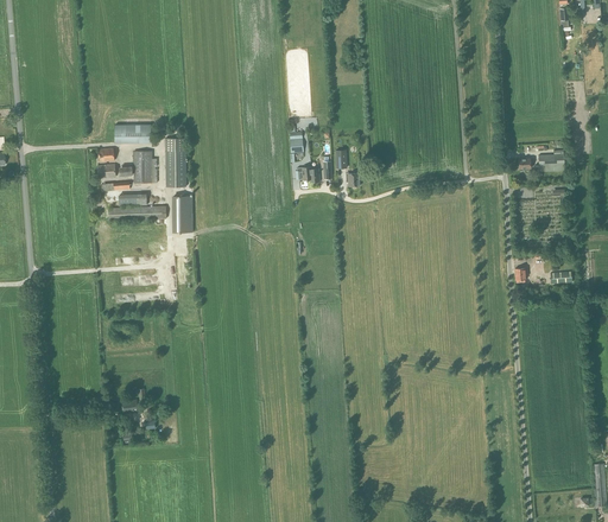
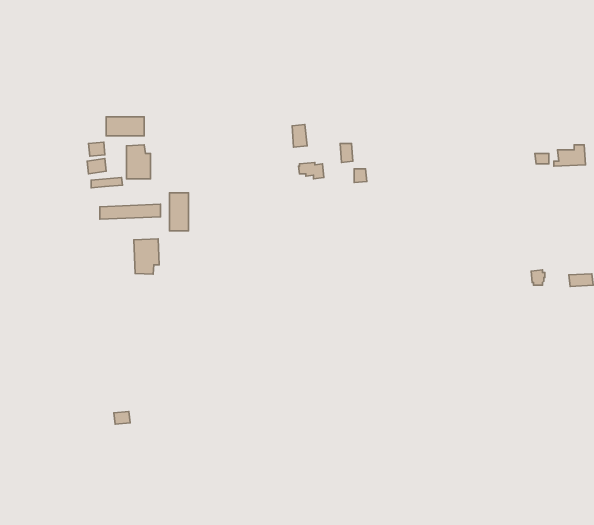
building: [166,136,186,184] -> none
building: none -> [134,239,159,274]

